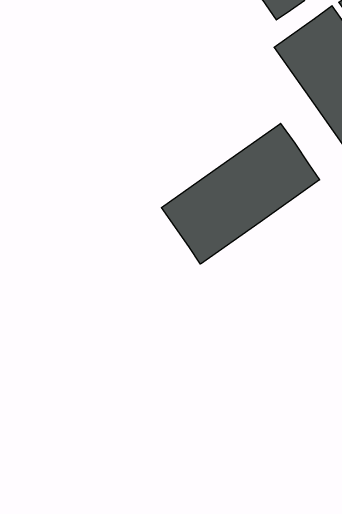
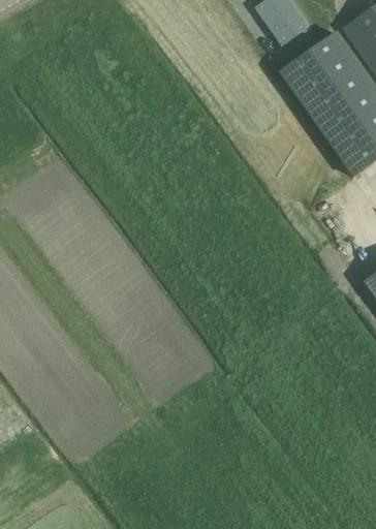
building: [161,123,320,264] -> none

